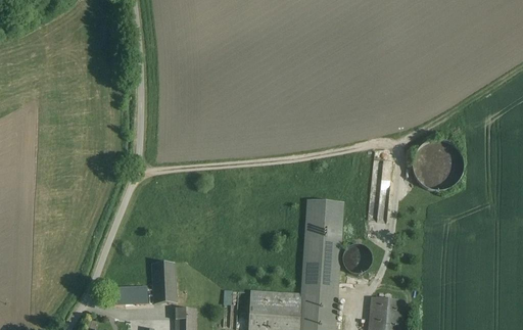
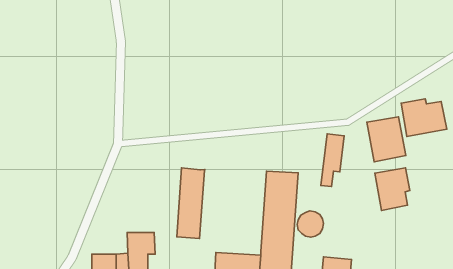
building: none -> [401,99,447,136]
building: none -> [177,168,205,238]
building: none -> [375,168,410,211]

